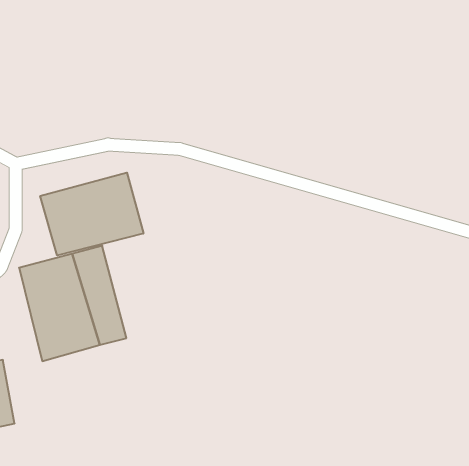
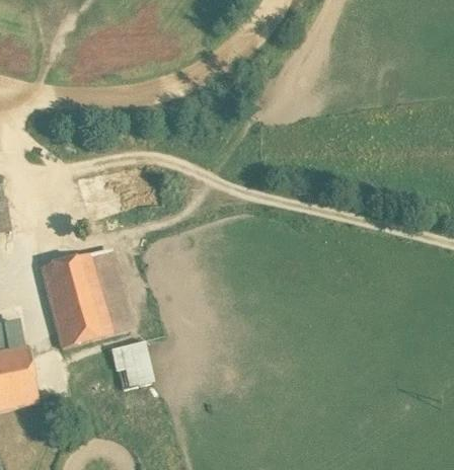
building: [40,173,143,255] -> none
building: none -> [109,340,156,392]

